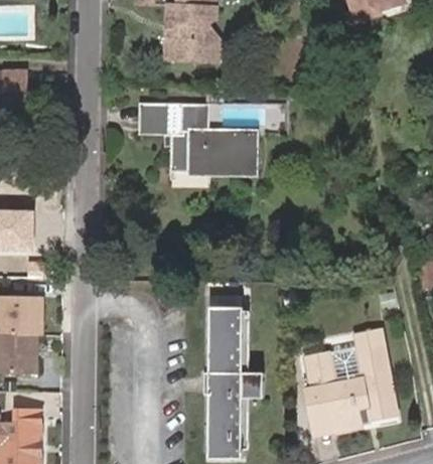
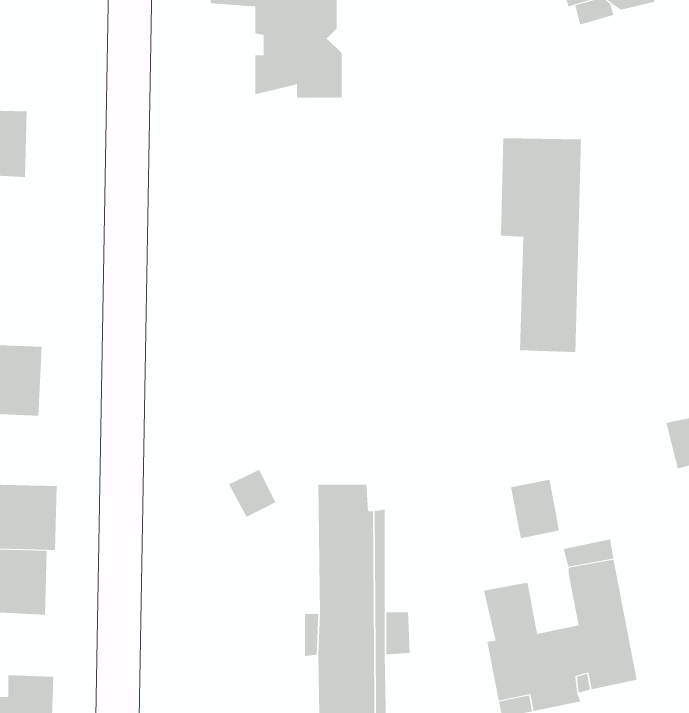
building: none -> [500,138,582,353]
building: [139,103,260,172] -> none
building: [330,349,360,385] -> [510,479,560,539]

